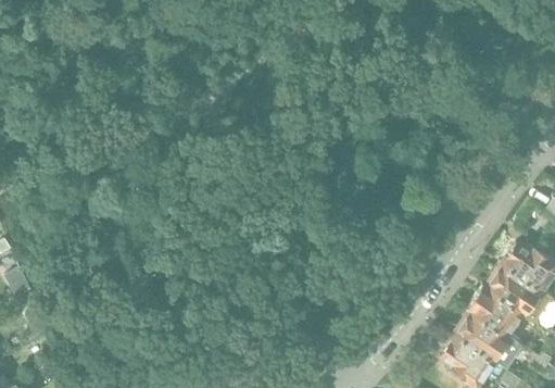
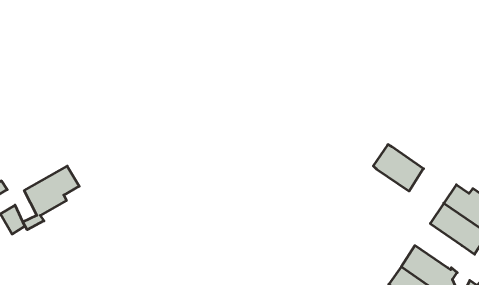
building: none -> [23,166,79,230]
building: [466,285,522,337] -> [373,145,424,191]

